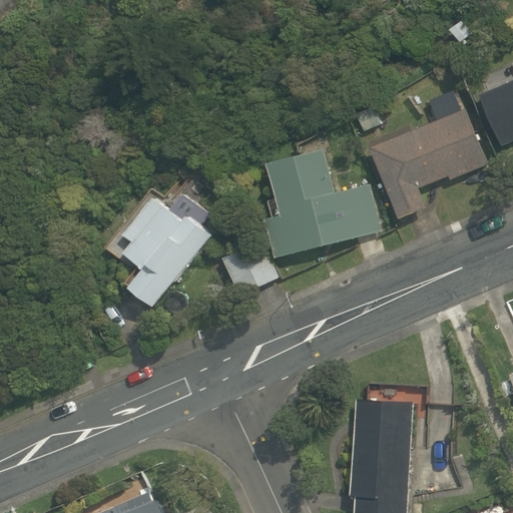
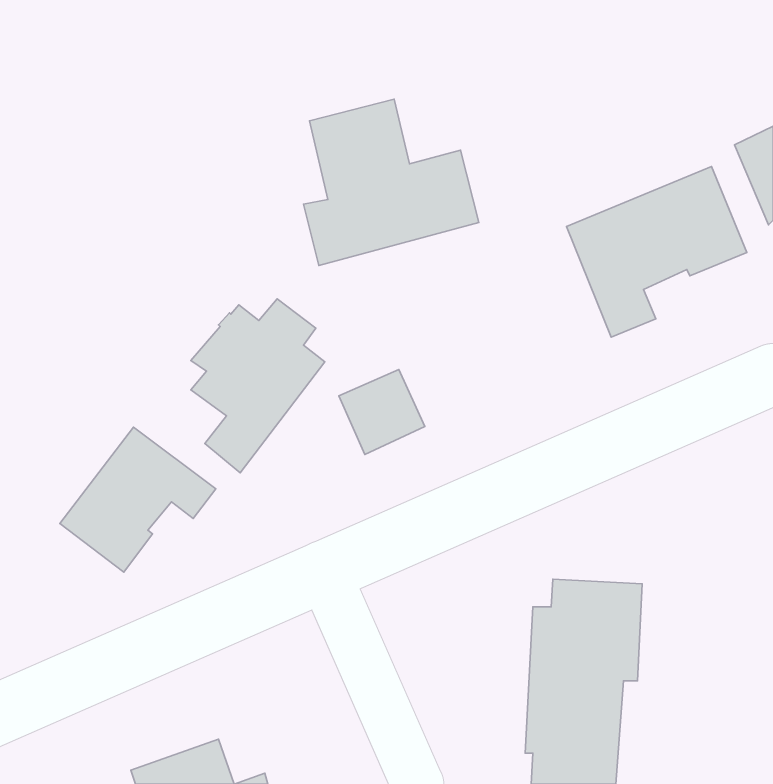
building: [265,150,379,259] -> [303,99,479,266]
building: none -> [60,427,216,572]

